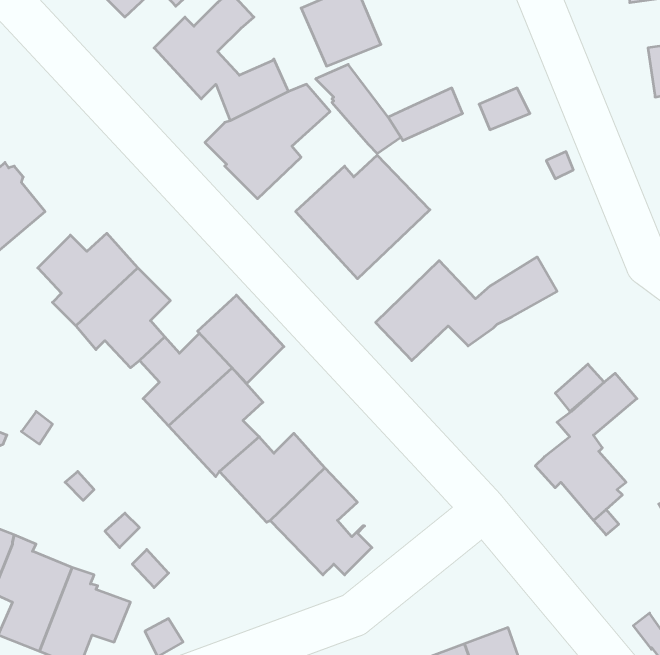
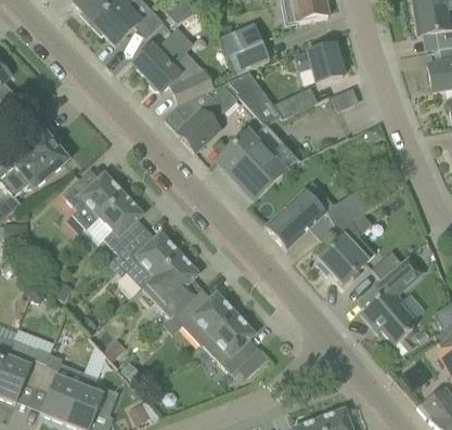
building: none -> [294,43,346,81]
building: none -> [318,207,378,283]
building: [198,295,284,383] -> none

